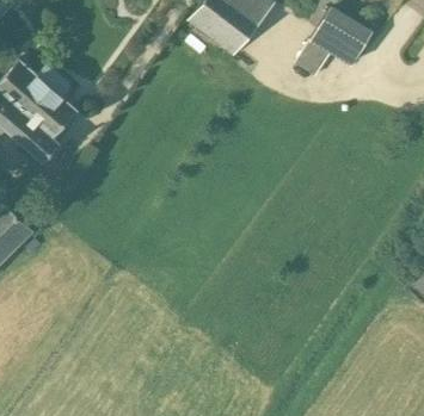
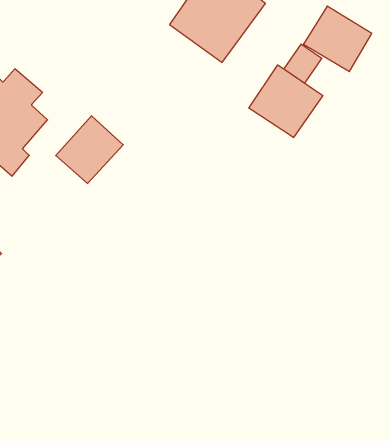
building: none -> [249,65,323,138]
building: none -> [56,116,123,183]

